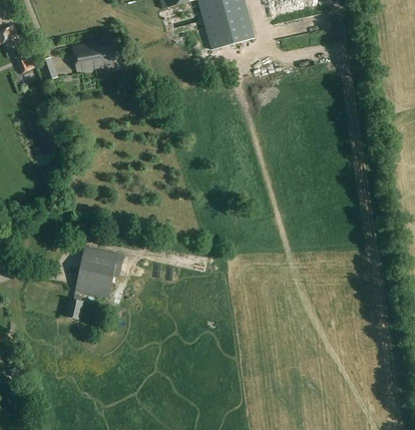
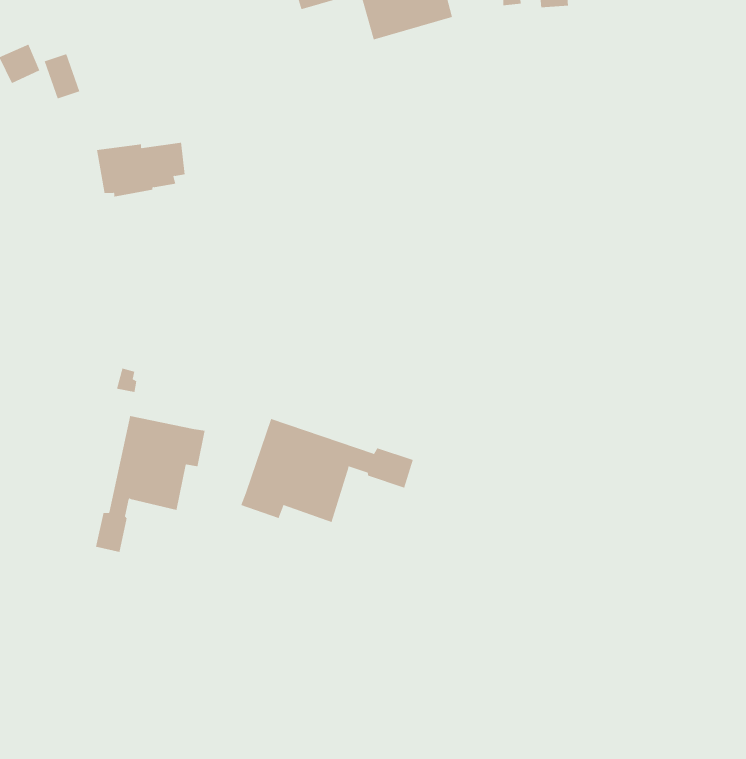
building: [73,42,120,71] -> [96,142,186,197]
building: none -> [241,418,414,523]

